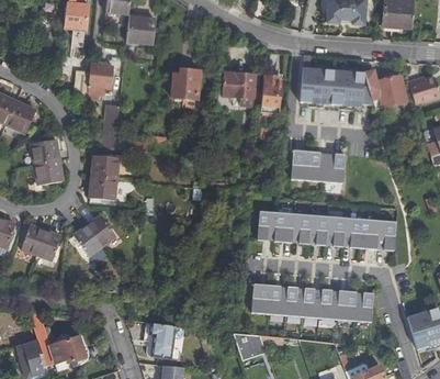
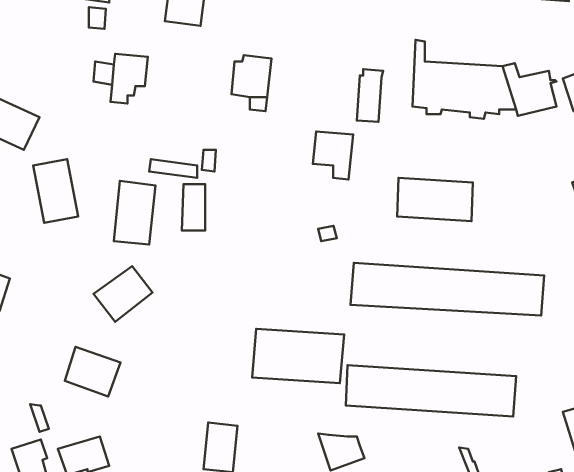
building: [226,71,255,105] -> [313,131,353,179]
building: [102,102,119,135] -> [182,184,205,231]
building: [23,223,63,258] -> [65,347,120,396]
building: none -> [252,329,344,383]

